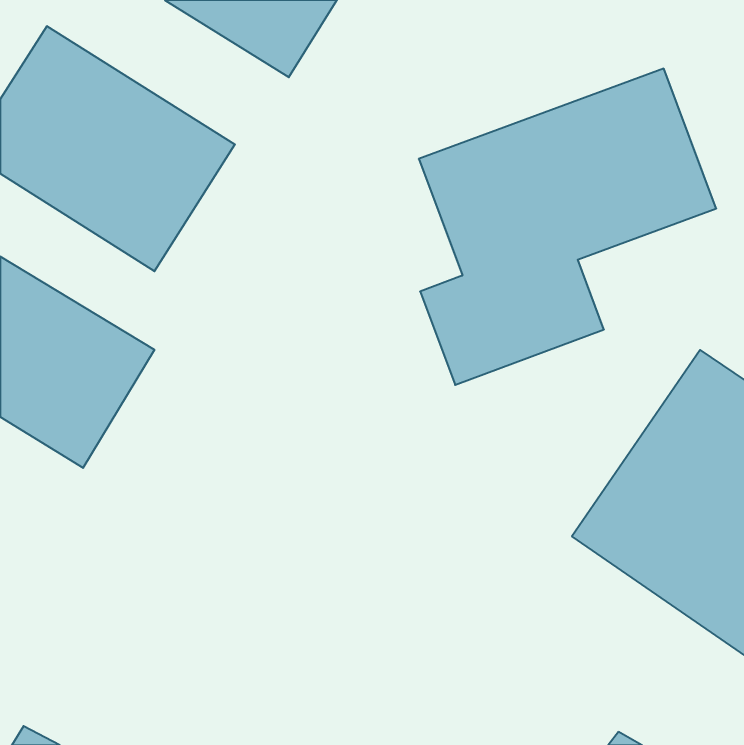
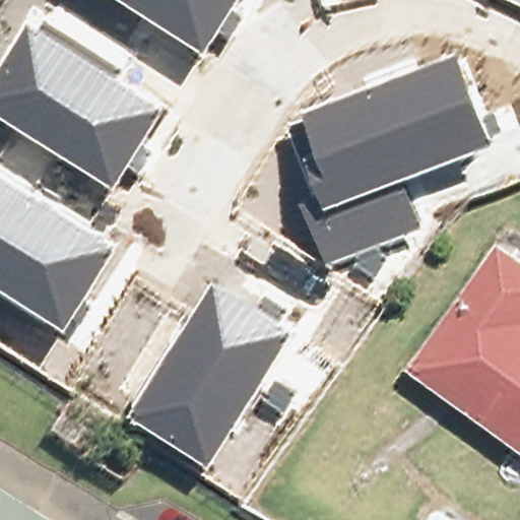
building: none -> [129,283,291,462]

